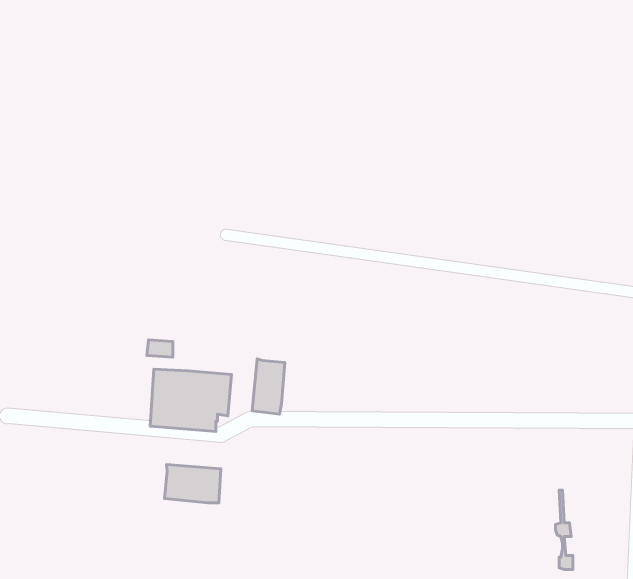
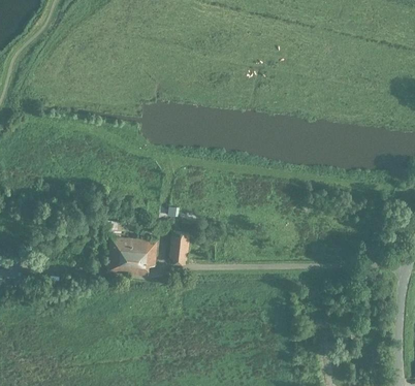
building: [164,465,221,503] -> none

